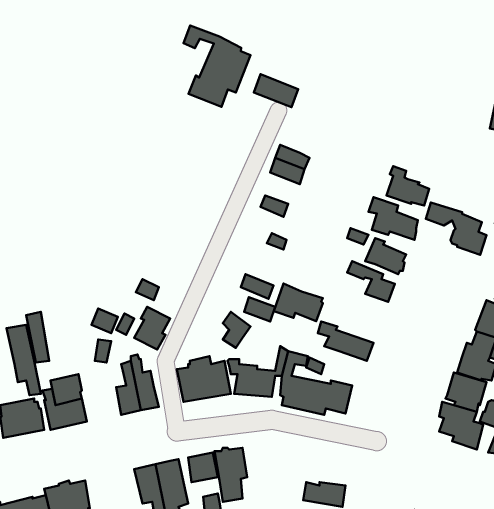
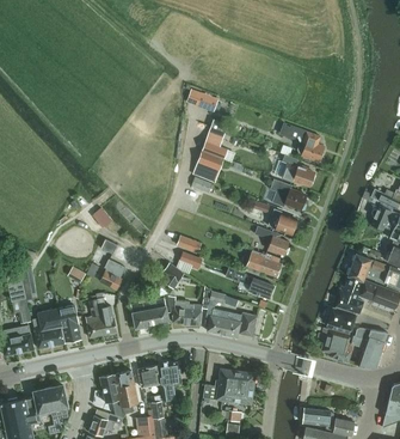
building: [184,26,251,107] -> none
building: [426,202,487,255] -> [279,122,324,160]
building: [274,283,323,321] -> [245,249,281,276]
building: none -> [59,305,81,342]
building: none -> [203,368,256,400]

